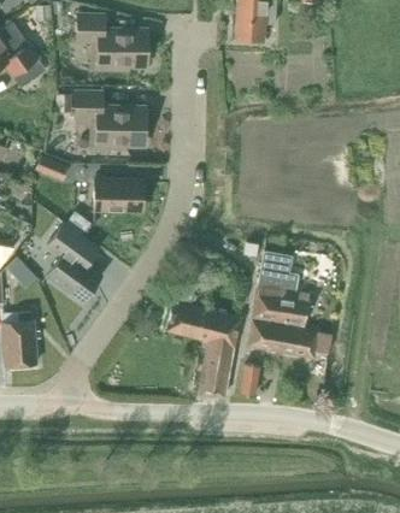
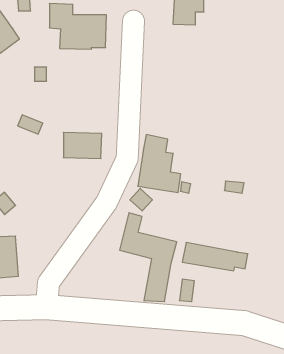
building: [75,92,145,143] -> none
building: [46,220,101,302] -> none
building: [252,250,307,325] -> [138,135,181,193]

